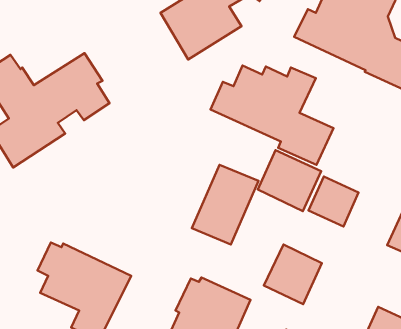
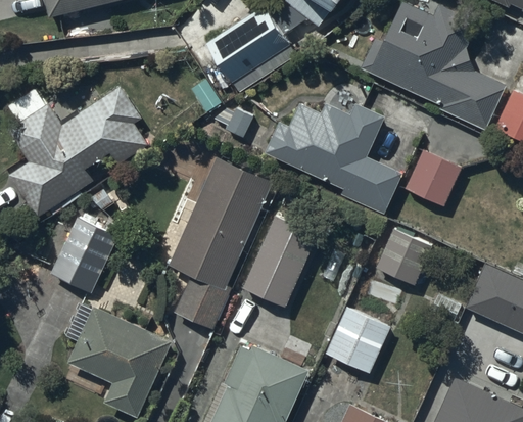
building: none -> [405,150,462,206]
building: none -> [168,157,272,329]
building: [258,150,321,211] -> none
building: none -> [49,217,118,294]

